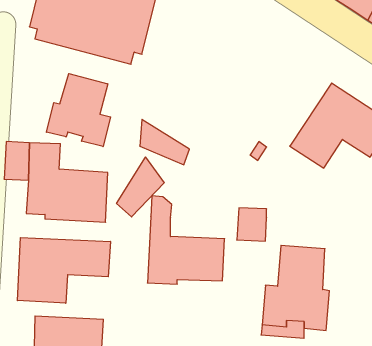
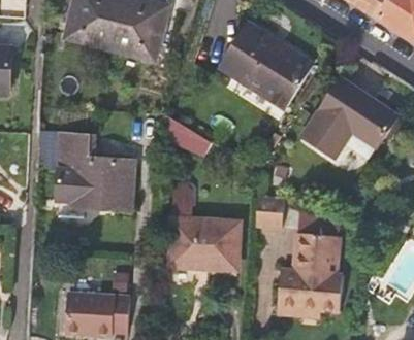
building: none -> [219,22,313,107]
building: [46,74,111,147] -> none
building: [117,157,164,217] -> none
building: [17,238,110,303] -> none

